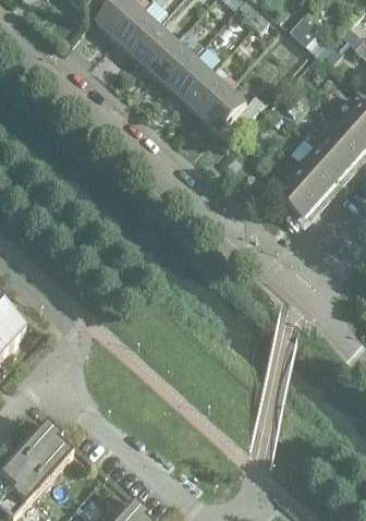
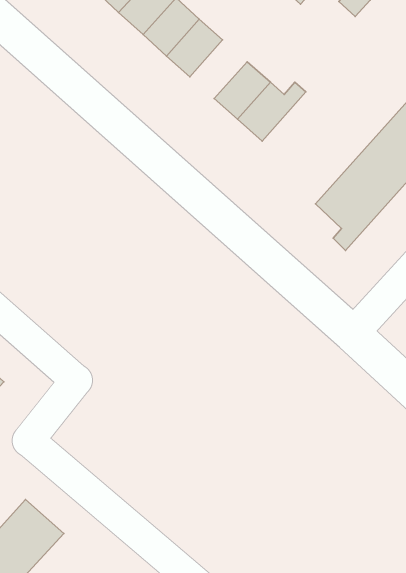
building: [170,59,216,106] -> none

